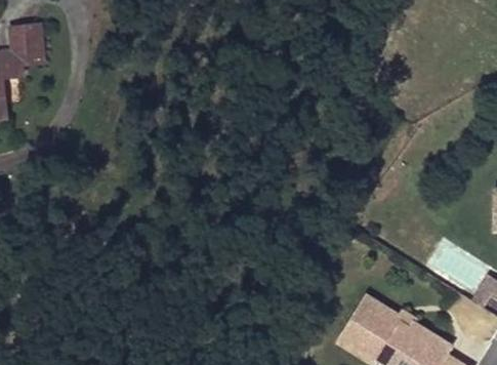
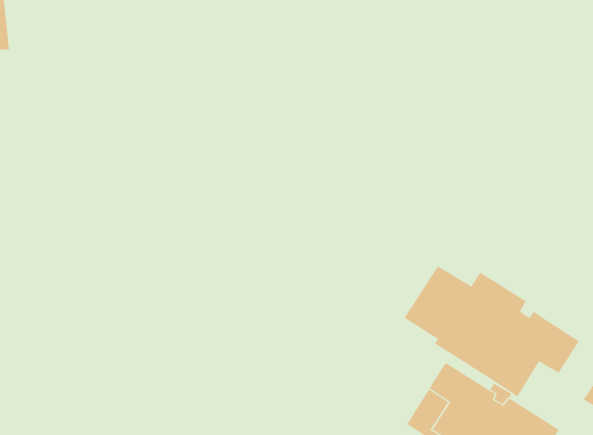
building: none -> [404,265,580,397]

